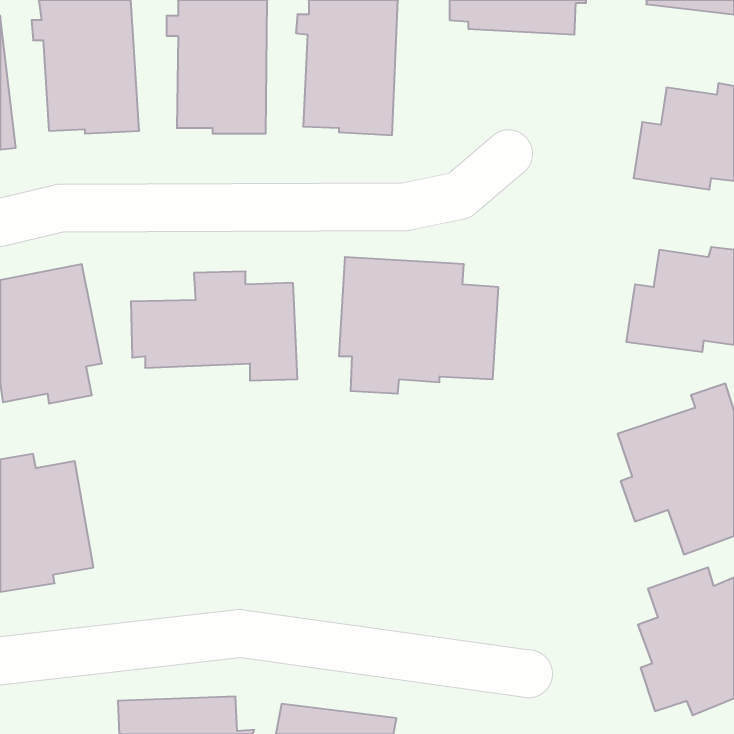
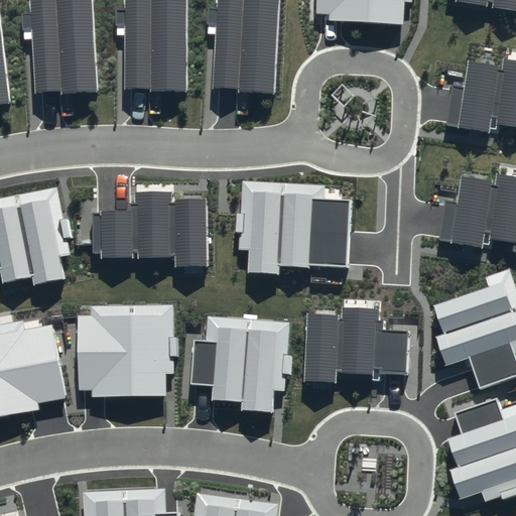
building: none -> [79,304,174,396]
building: none -> [304,307,410,384]
building: none -> [190,316,290,411]

